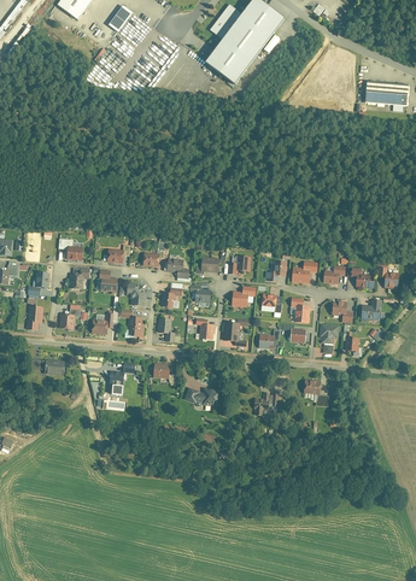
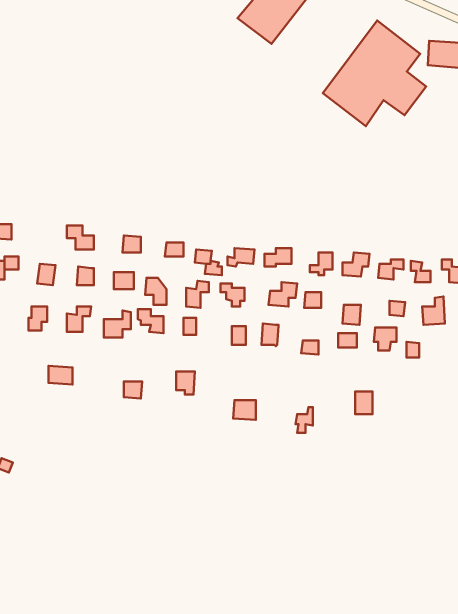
building: none -> [323,21,426,126]

